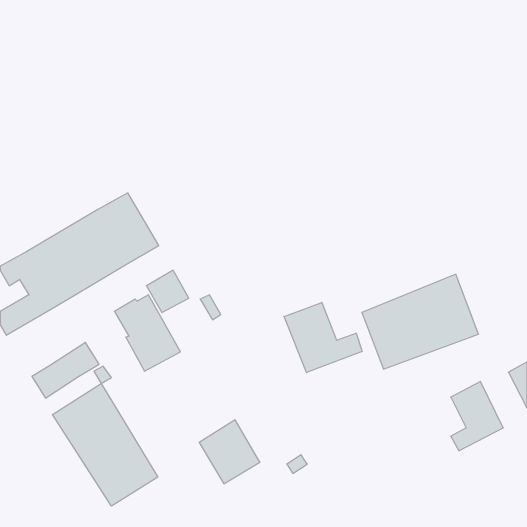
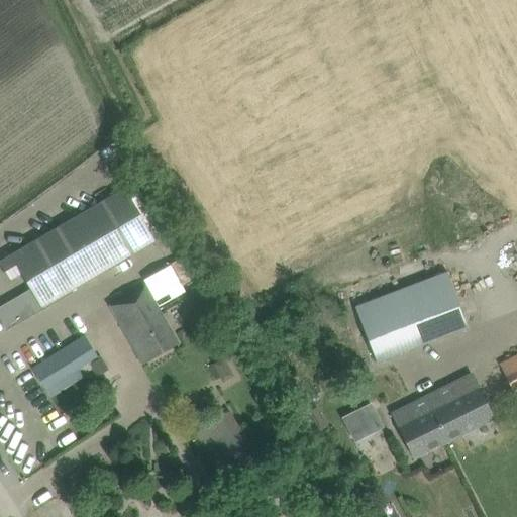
building: [284,302,362,373] -> none
building: [53,384,158,506] -> none
building: none -> [392,389,456,458]
building: none -> [341,405,381,435]

